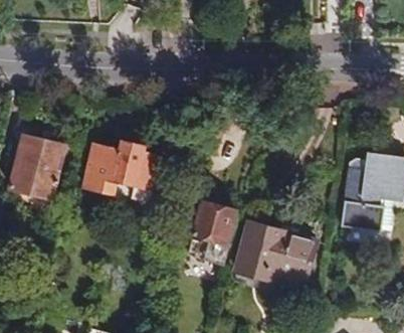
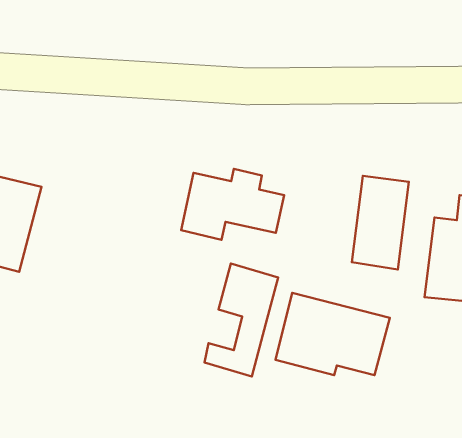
building: none -> [352,176,409,269]
building: [84,141,159,192] -> [181,169,284,240]

